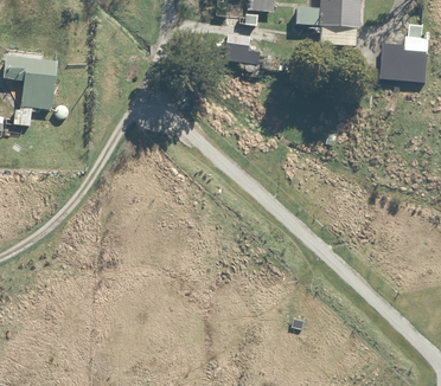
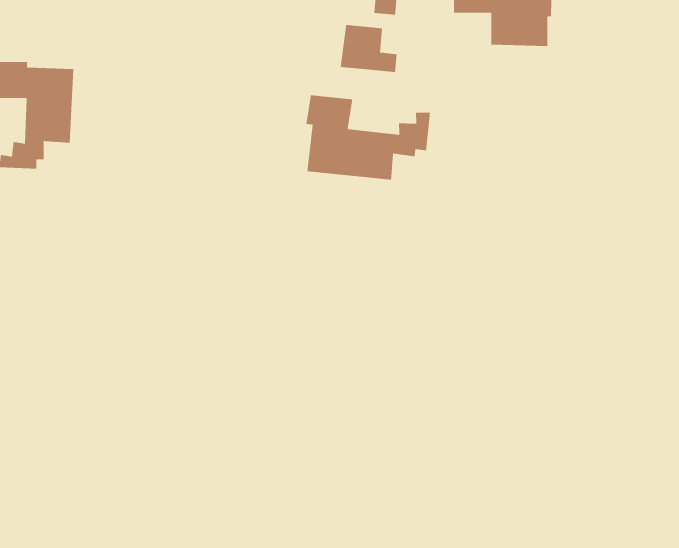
building: [381,22,430,81] -> none
building: none -> [306,95,430,180]

